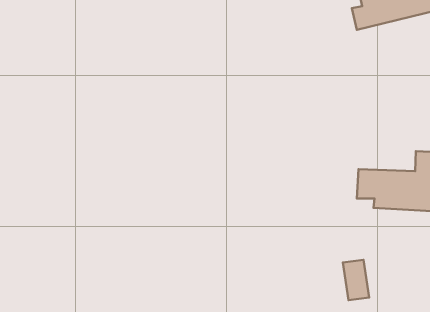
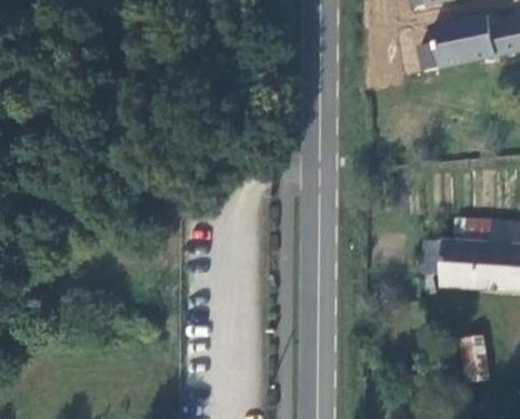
building: [343,260,369,300] -> [459,333,490,381]

